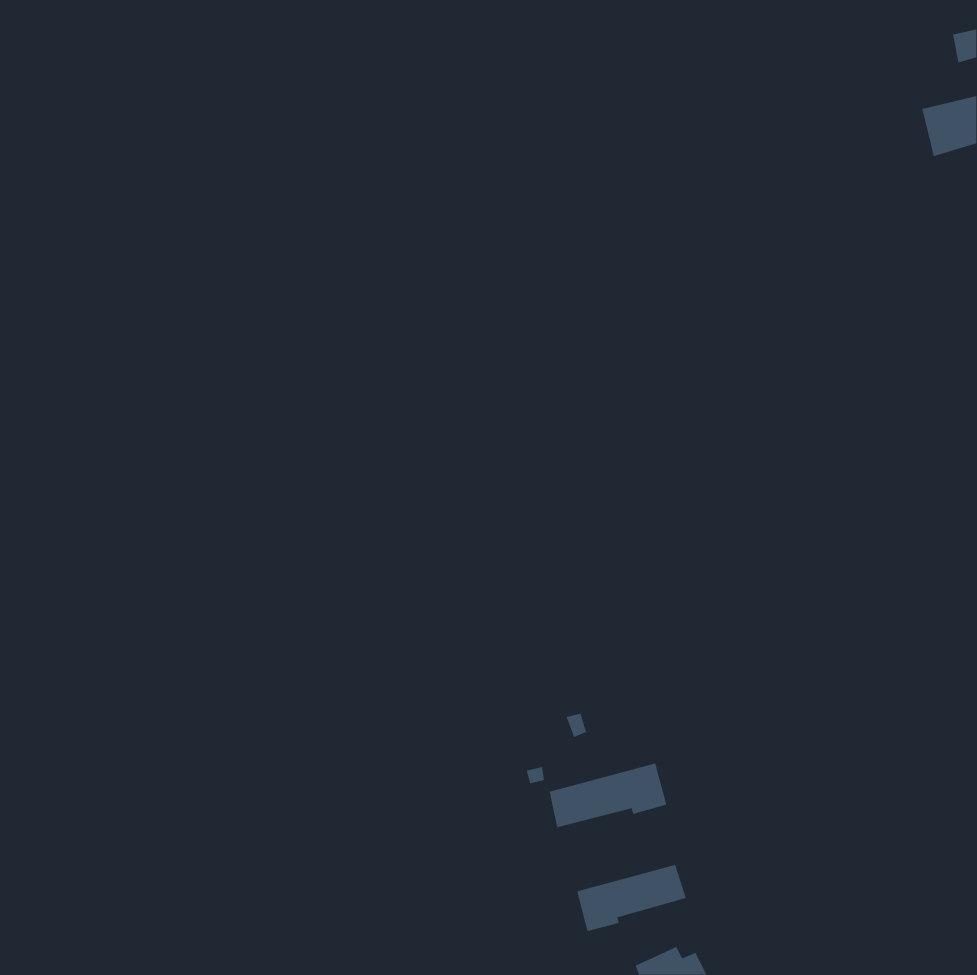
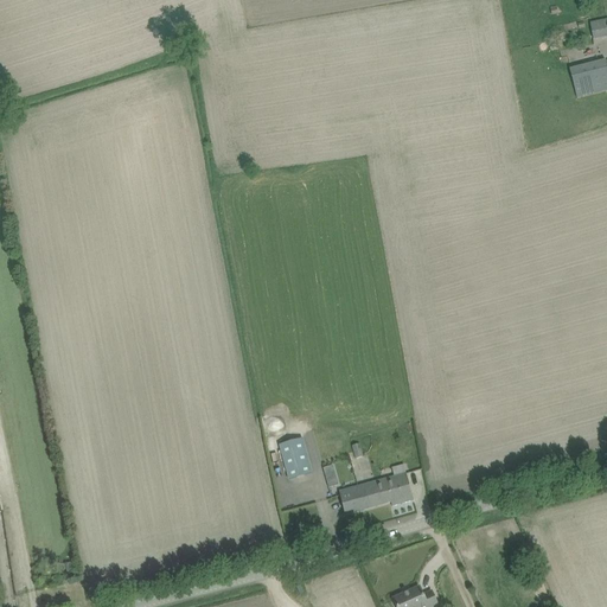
building: none -> [279,437,311,477]
building: [576,864,687,932] -> none

